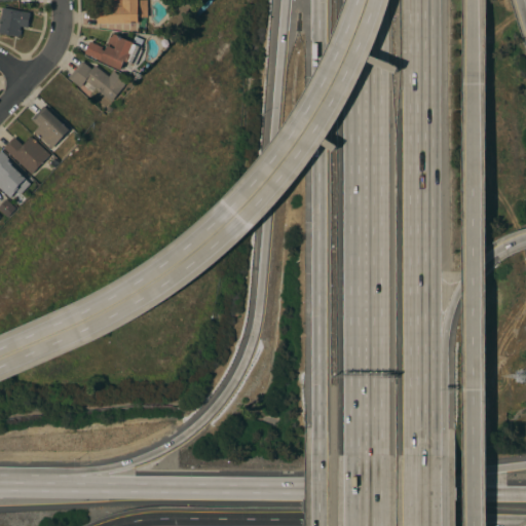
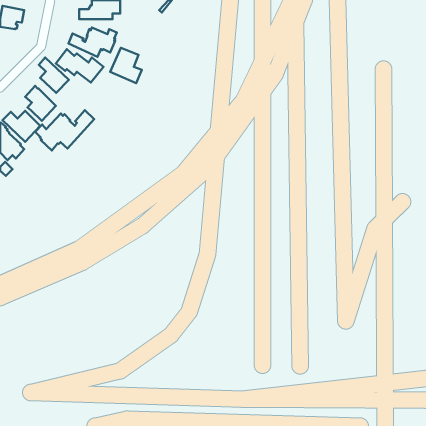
building: none -> [110,48,142,83]
building: none -> [39,58,69,93]
building: none -> [35,110,94,150]

